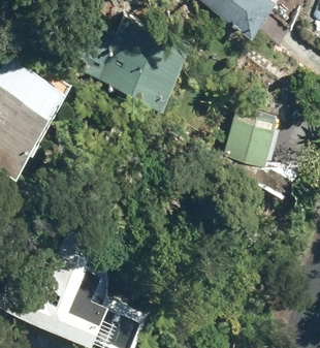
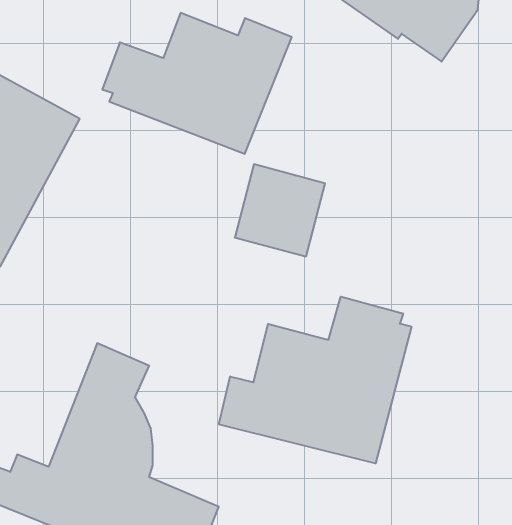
building: [223,116,277,170] -> [235,164,325,256]
building: none -> [219,297,411,463]

